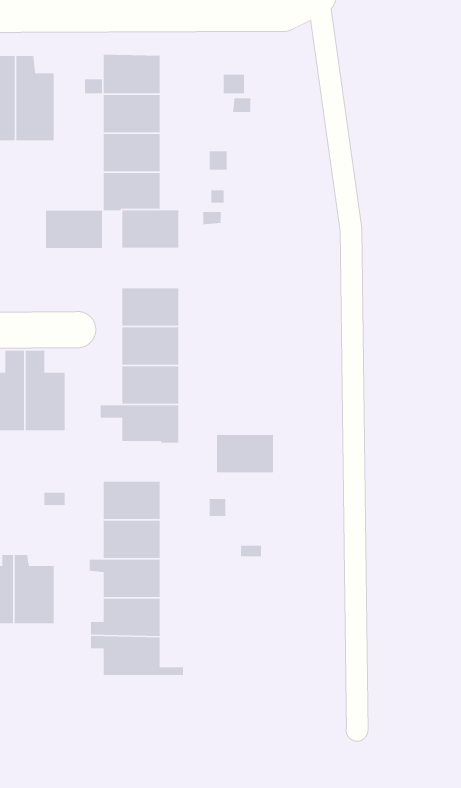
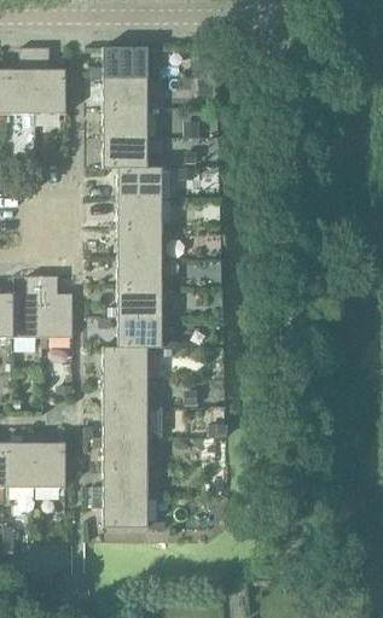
building: [45,210,103,249] -> [117,198,162,228]
building: [216,434,274,473] -> [103,348,147,378]

